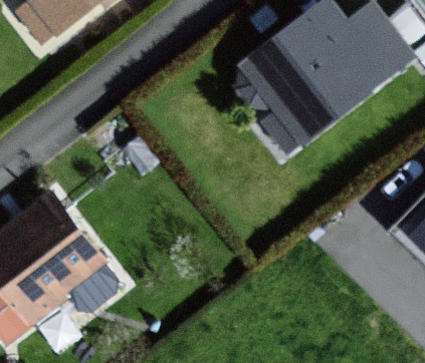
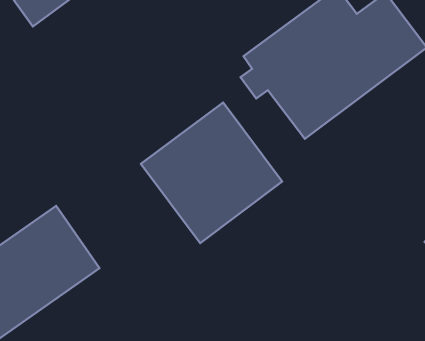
building: none -> [141,102,282,243]

